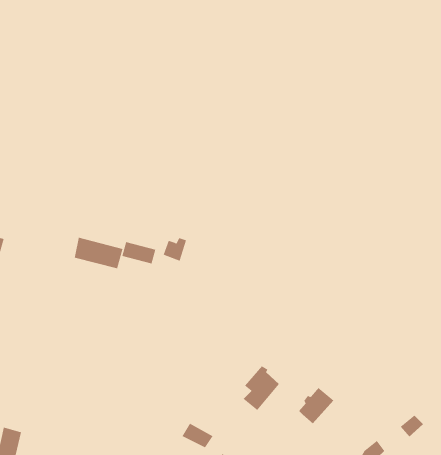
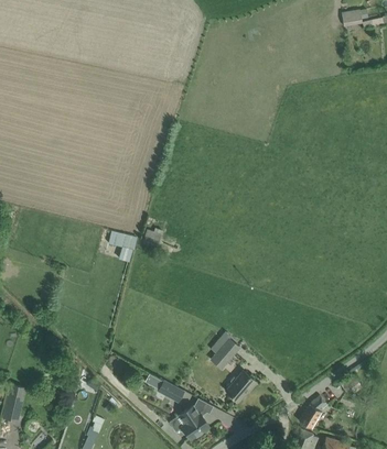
building: [74,237,123,269] -> none
building: [298,387,334,424] -> [226,371,256,402]

